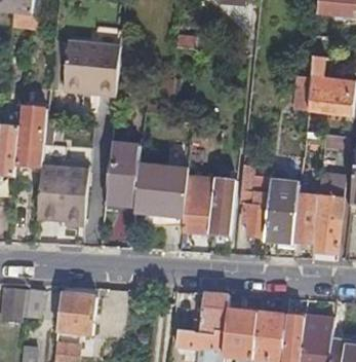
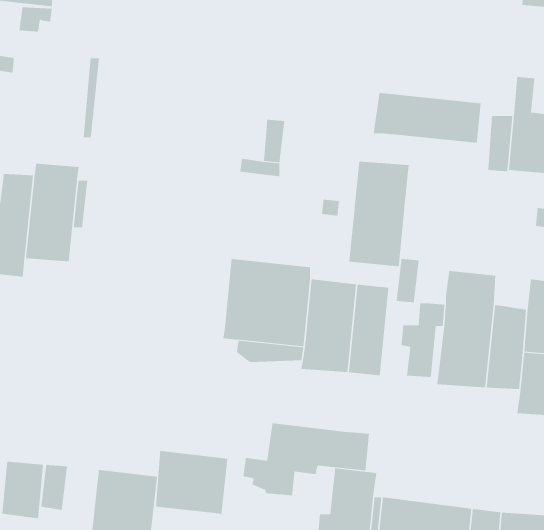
building: [65,42,121,97] -> none
building: none -> [373,92,481,143]
building: [106,143,143,207] -> [348,161,410,267]
building: [38,169,89,223] -> none
building: none -> [243,423,369,496]
building: none -> [155,450,228,514]

